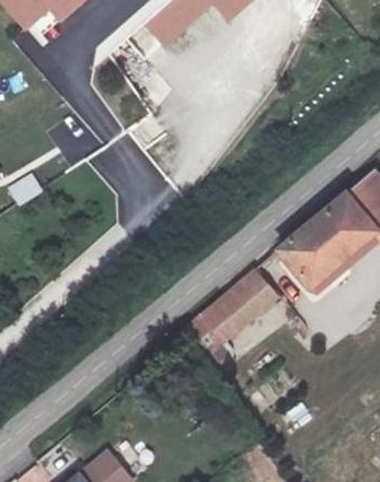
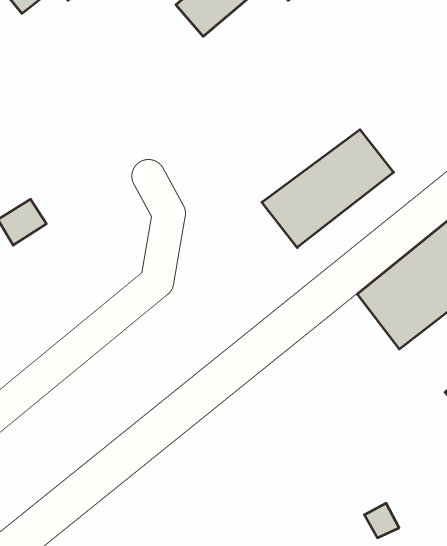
building: none -> [262,130,394,248]
building: [181,264,277,352] -> none

